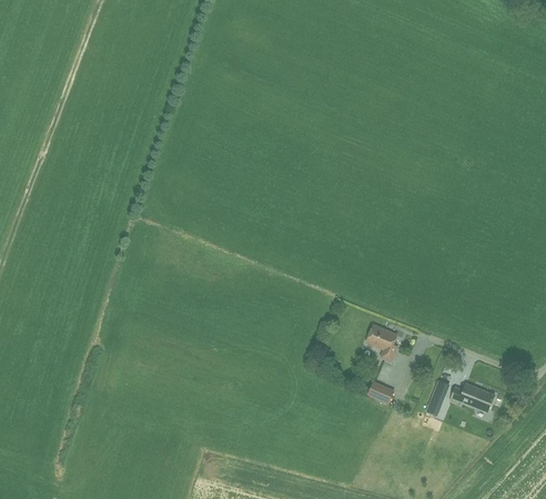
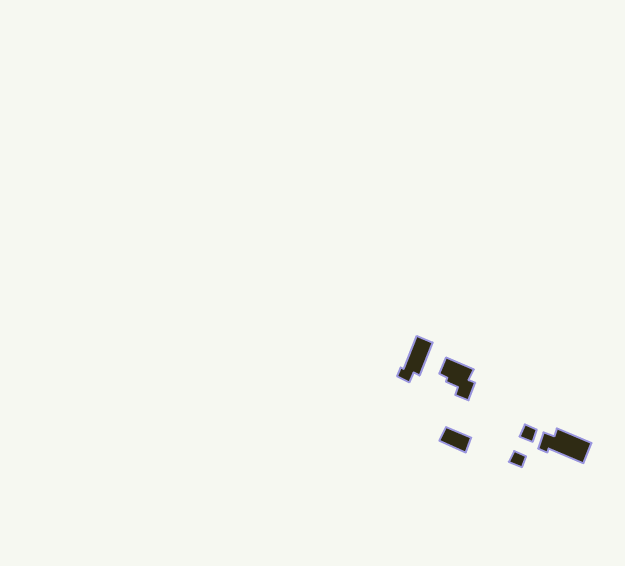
building: none -> [397,336,433,382]

